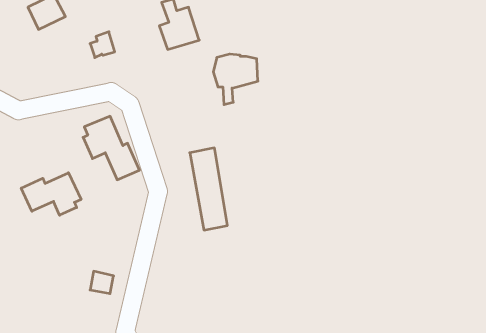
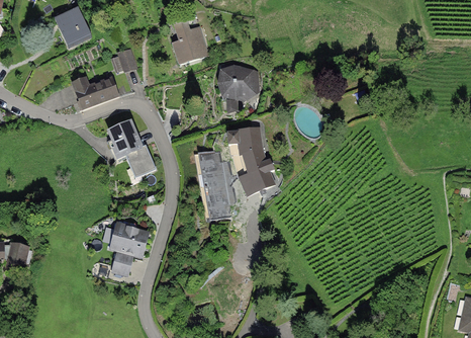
building: none -> [72,76,117,107]
building: none -> [226,128,274,195]
building: [21,173,81,215] -> none
building: none -> [110,224,151,256]

